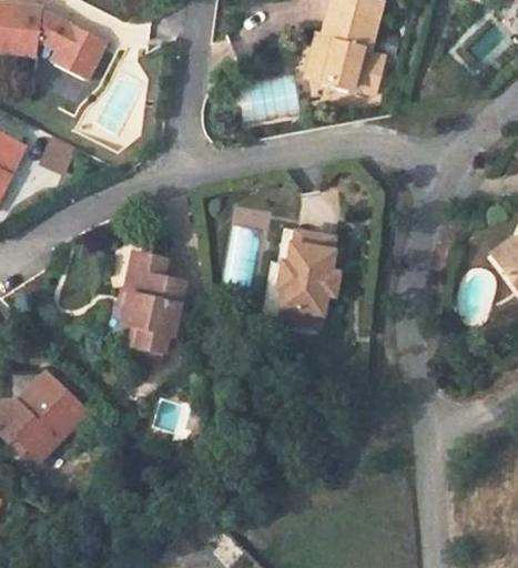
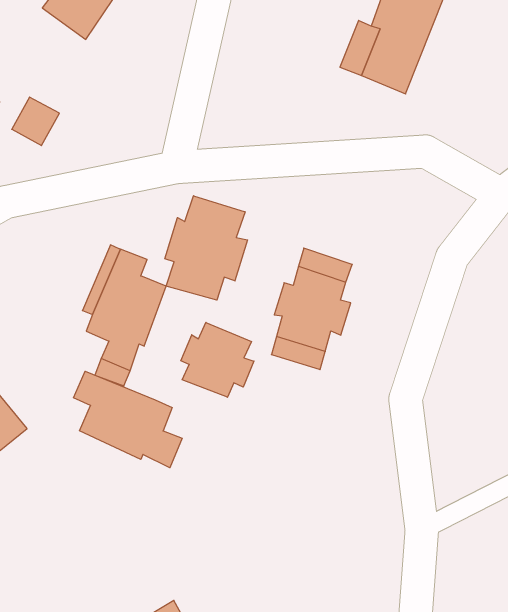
building: none -> [165,196,248,300]
building: none -> [181,322,254,397]
building: none -> [73,371,182,468]

